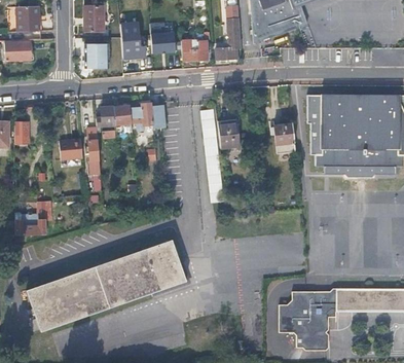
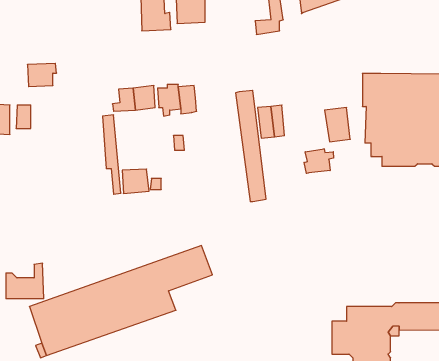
building: [181,39,208,62] -> none
building: [6,41,31,61] -> [27,63,57,87]
building: [83,44,108,69] -> none
building: [61,139,83,159] -> [122,169,149,193]
building: none -> [304,149,333,173]
building: [15,204,47,233] -> [6,263,44,299]
building: [143,264,186,294] -> none

